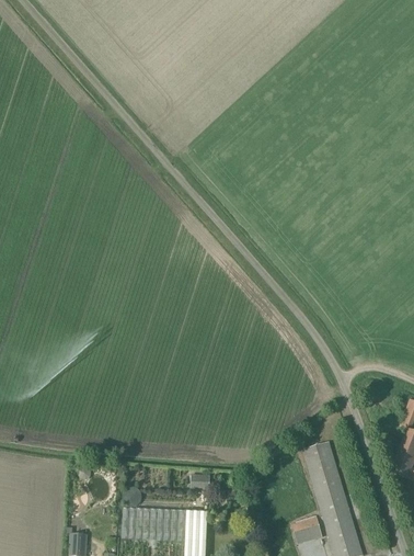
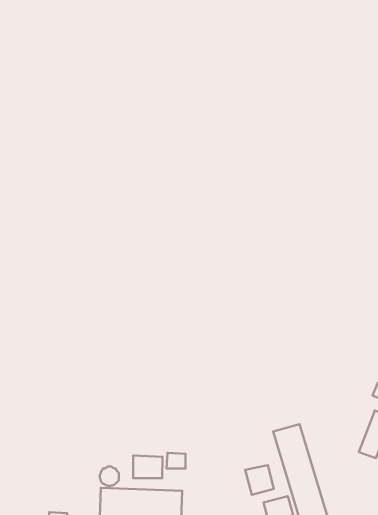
building: none -> [133,456,163,478]
building: none -> [245,465,274,495]

